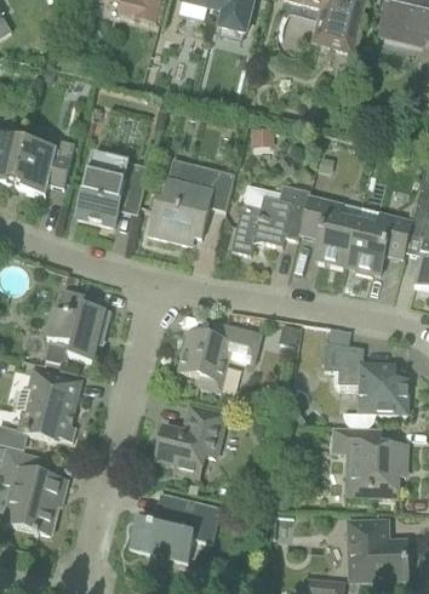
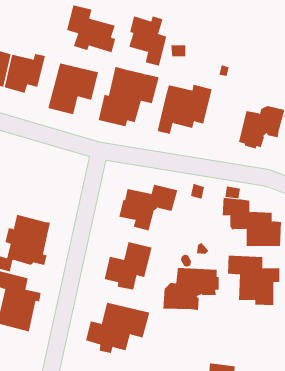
building: none -> [66,4,116,53]
building: none -> [129,15,167,66]
building: [299,194,358,265] -> none
building: [46,289,111,365] -> none
building: none -> [163,267,219,311]
building: [348,520,407,581] -> none

